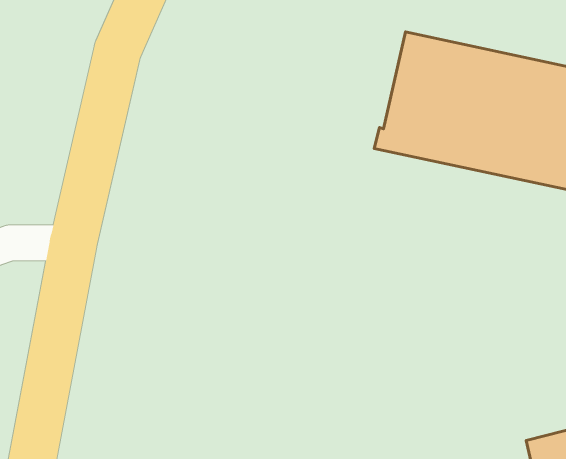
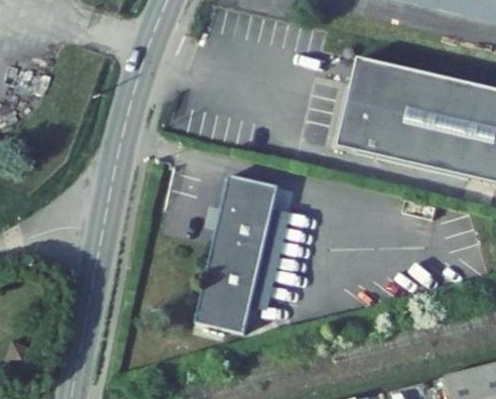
building: none -> [192,171,283,326]

